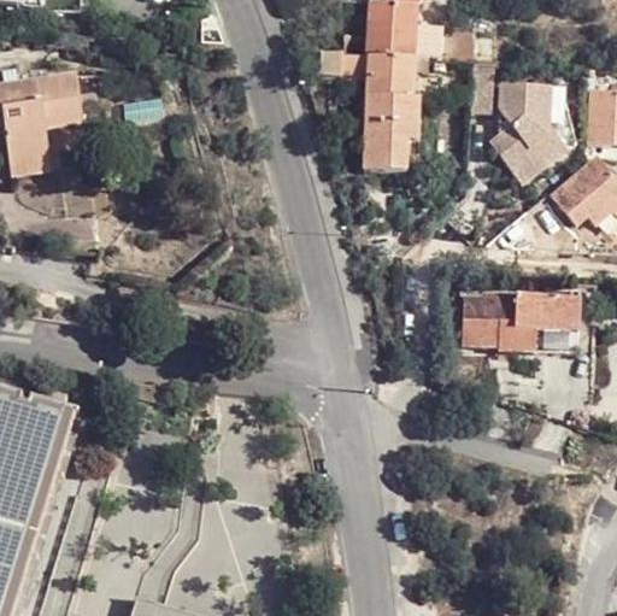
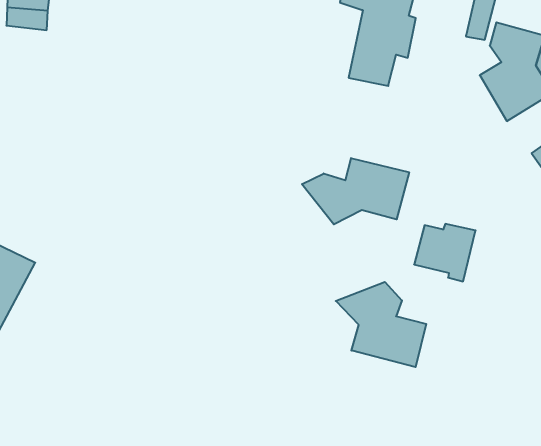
building: none -> [302,158,409,224]
building: [510,295,569,350] -> none
building: none -> [336,282,426,367]

